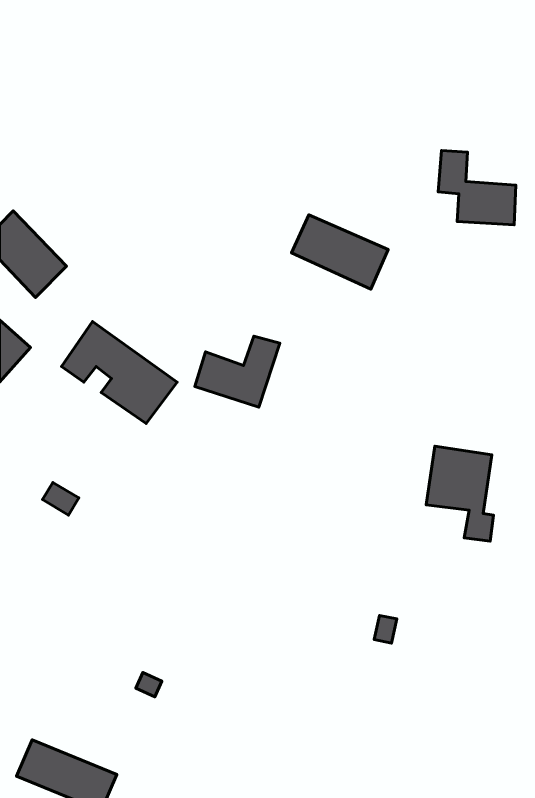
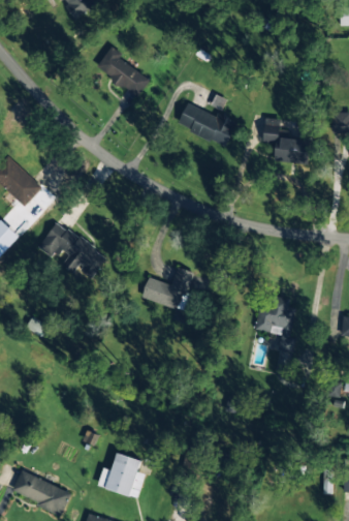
building: none -> [104,47,146,89]
building: [291,215,388,289] -> [178,102,235,147]
building: [195,336,280,407] -> [142,268,193,310]
building: none -> [105,453,145,499]

